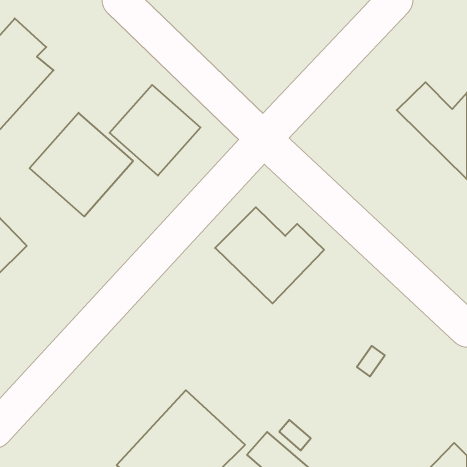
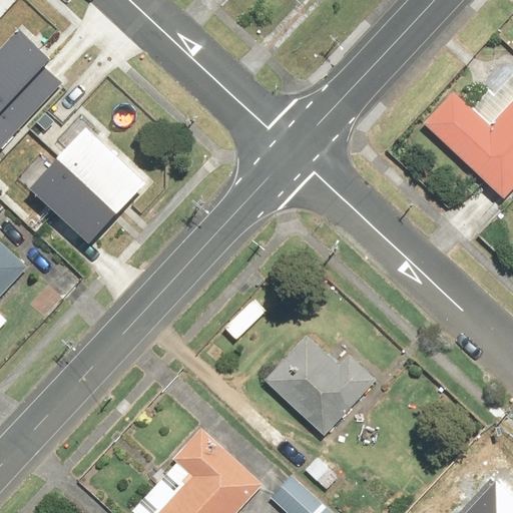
building: [110,85,200,176] -> none
building: [215,207,324,303] -> [263,337,381,441]

